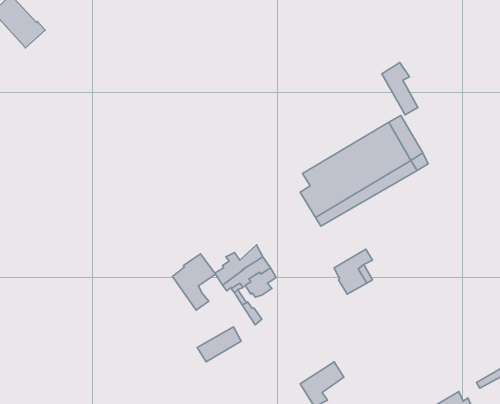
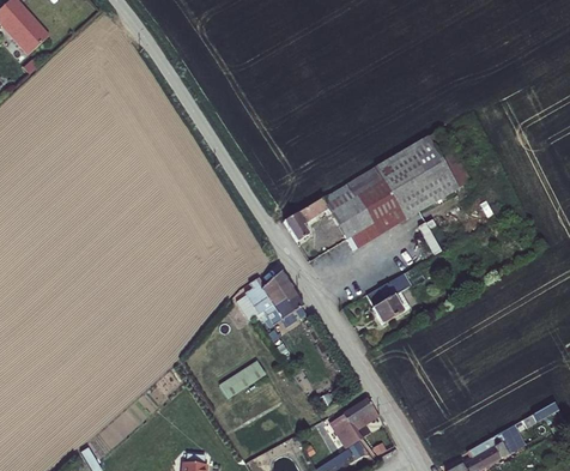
building: [382,63,418,115] -> none
building: none -> [284,192,341,242]
building: [172,254,215,310] -> none

